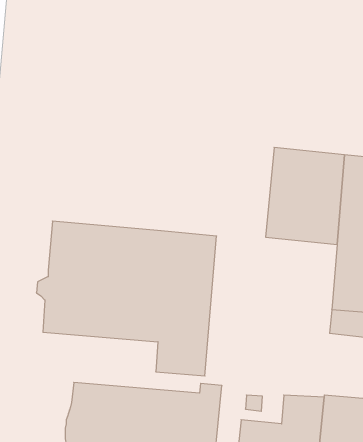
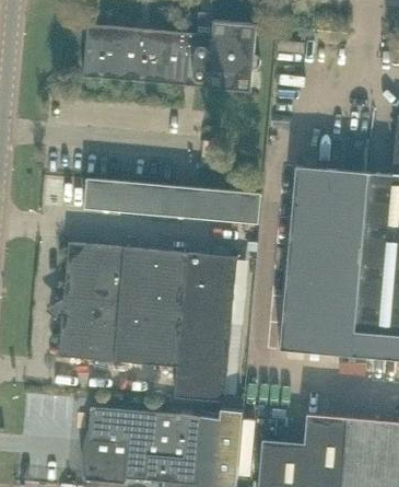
building: none -> [83,19,260,90]
building: none -> [91,169,269,233]
building: none -> [279,257,361,356]

